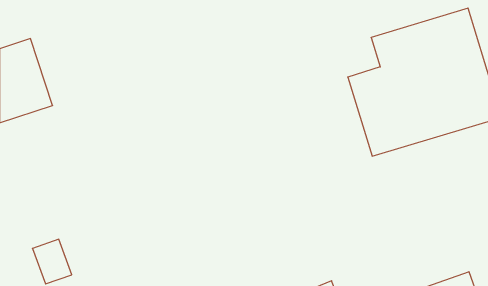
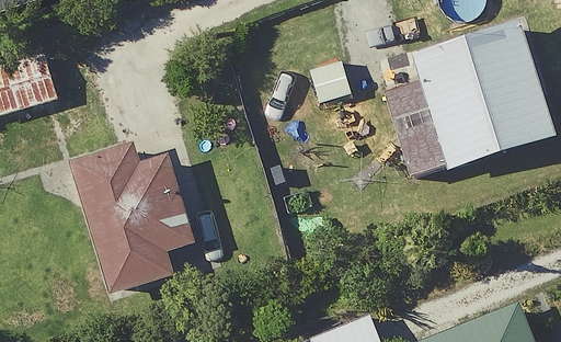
building: none -> [77,137,193,290]

